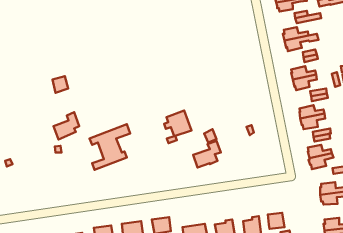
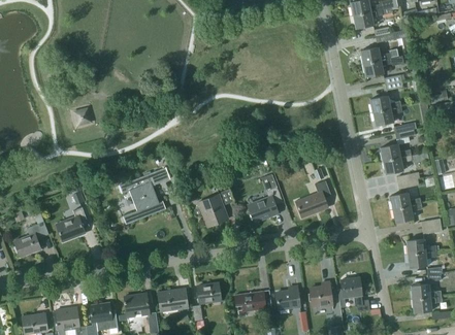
building: [164,110,192,136] -> [194,194,228,226]
building: [53,112,79,139] -> [56,207,88,241]
building: none -> [295,180,330,216]
building: none -> [13,211,47,257]

